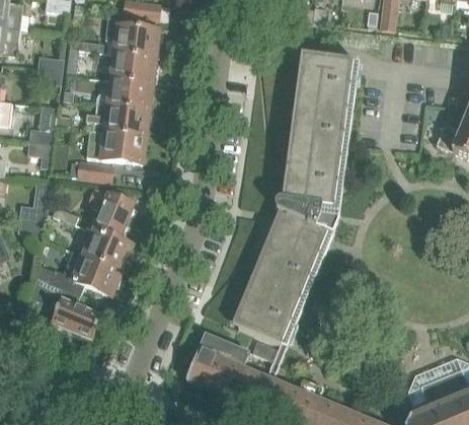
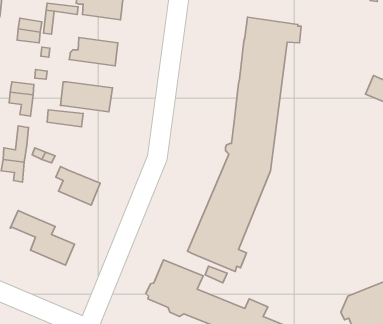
building: [107,51,155,83] -> none
building: [86,102,149,135] -> none
building: [92,189,137,244] -> none
building: [49,250,122,294] -> none

